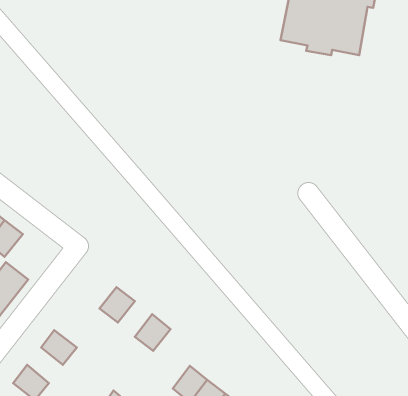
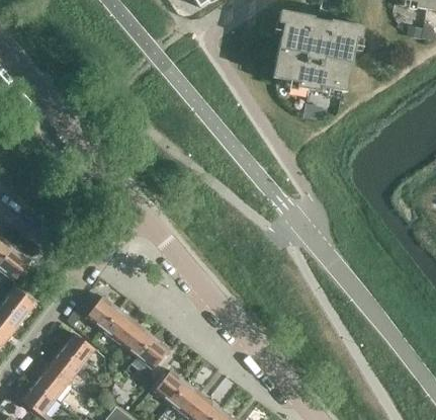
building: none -> [86,296,118,329]
building: none -> [119,322,152,355]
building: none -> [60,332,94,365]
building: none -> [34,365,68,399]
building: none -> [154,369,187,404]

